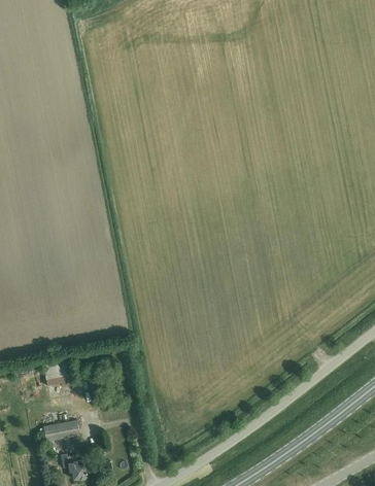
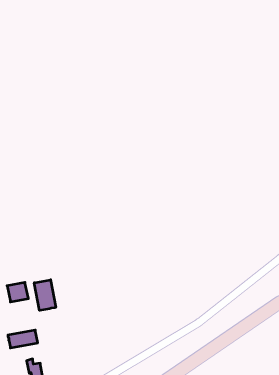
building: none -> [34,280,56,310]

